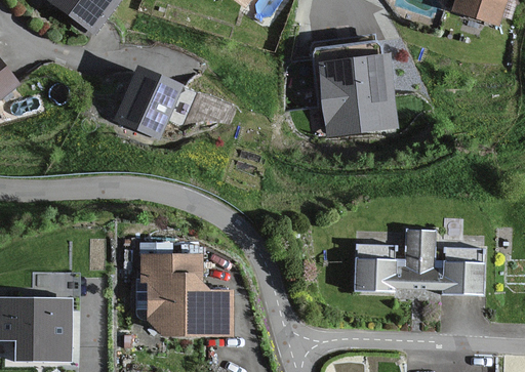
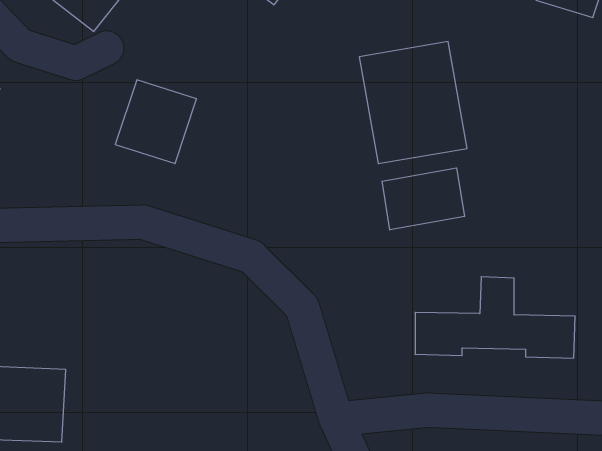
building: none -> [382,168,464,230]
building: [138,256,228,335] -> none

